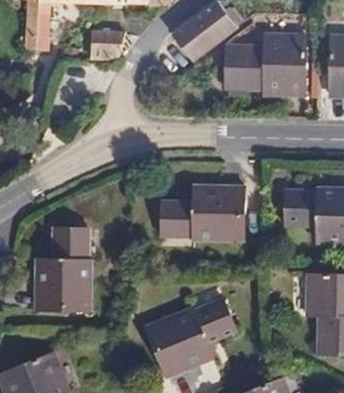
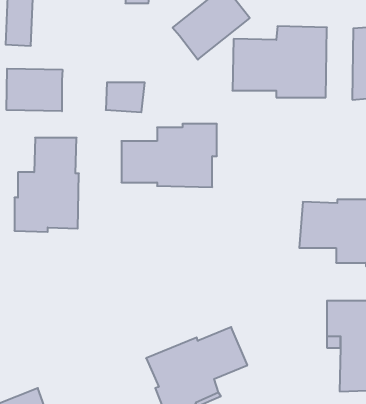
building: [90,32,124,59] -> [106,82,145,112]
building: none -> [7,69,62,111]
building: [161,186,245,241] -> [121,124,217,187]
building: [35,228,92,311] -> [14,138,79,232]

